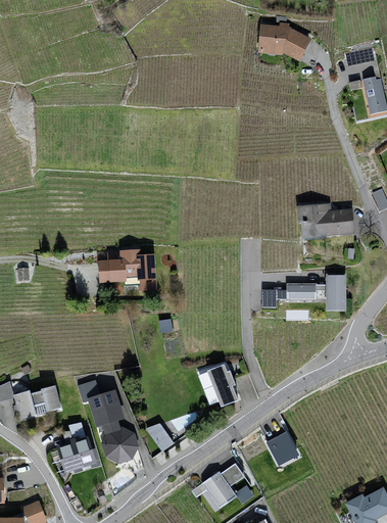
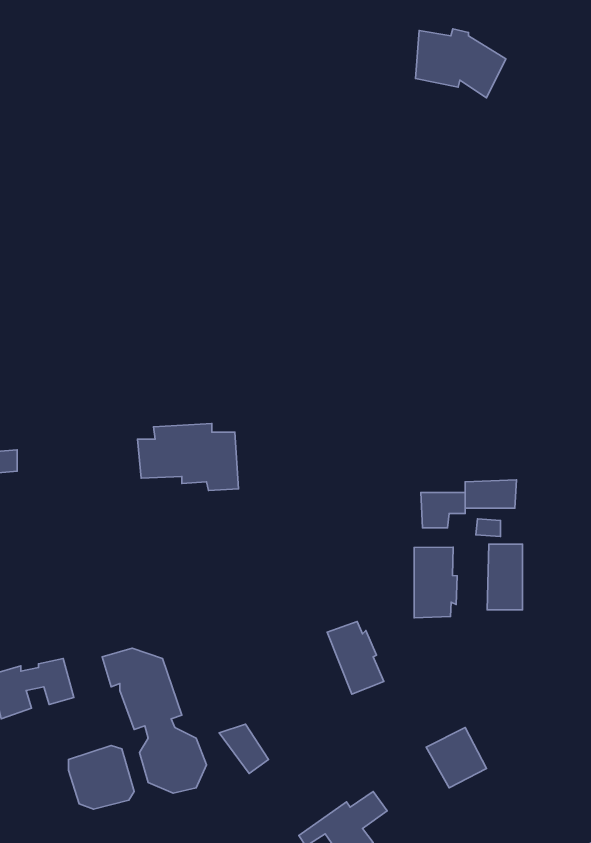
building: [297,202,355,240] -> none
building: [326,274,346,312] -> [487,544,522,610]
building: none -> [414,547,457,618]

